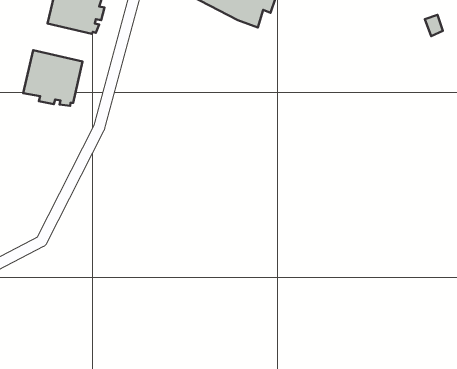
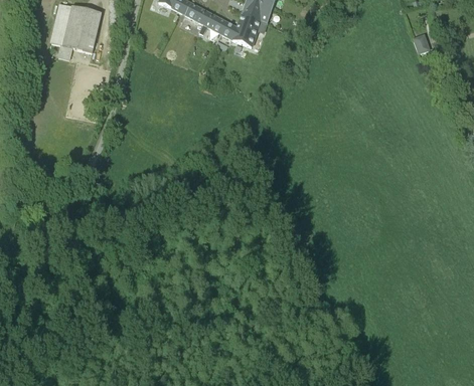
building: [23,50,82,106] -> none

